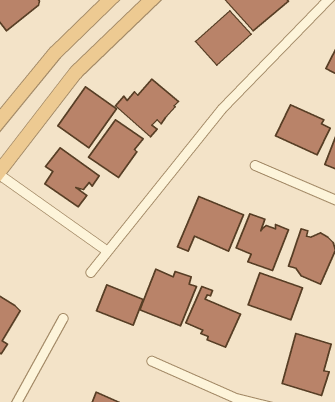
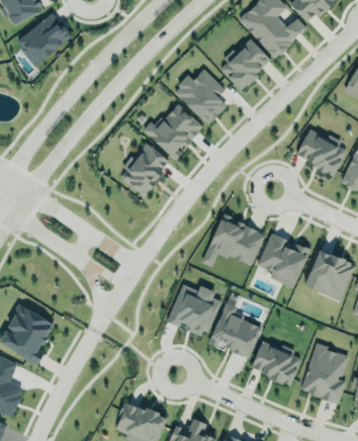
building: none -> [176,69,231,124]
building: [58,87,116,148] -> none
building: [45,148,99,207] -> none
building: [248,273,303,320] -> [251,341,302,385]
building: [97,285,143,325] -> none

